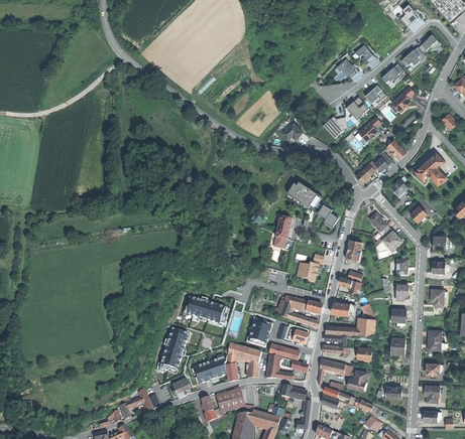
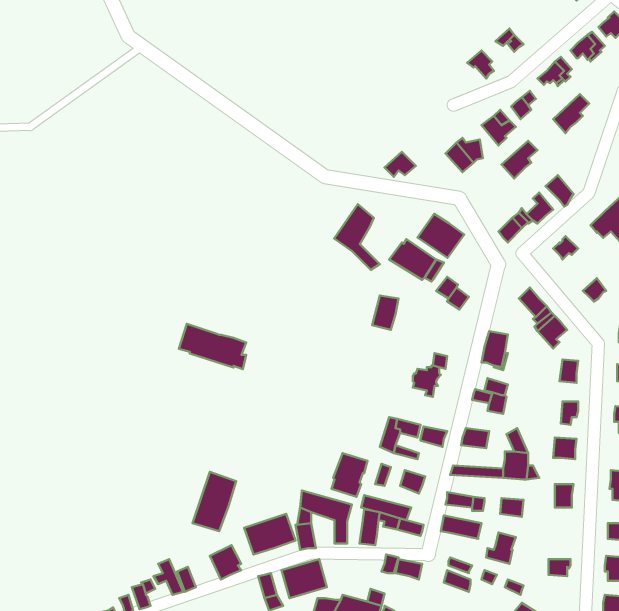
building: none -> [334,204,380,270]
building: none -> [417,214,464,258]
building: [184,296,227,325] -> [179,324,246,369]

